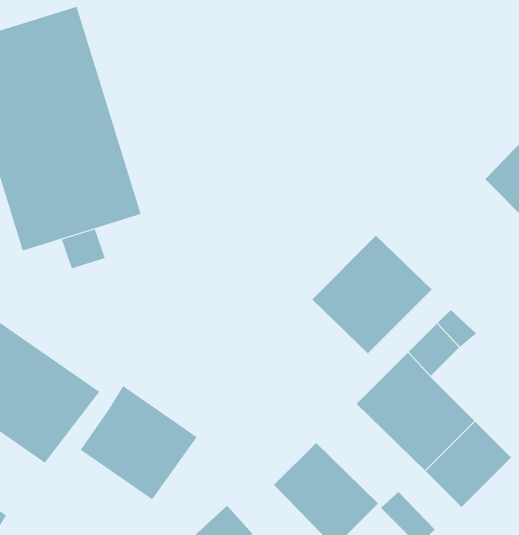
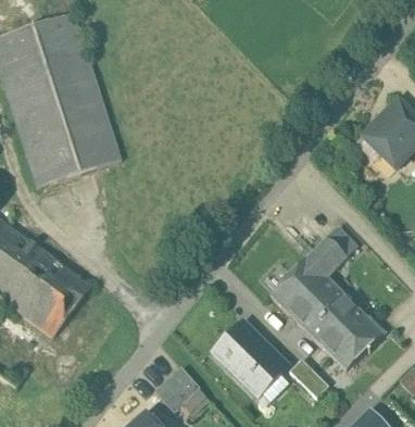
building: [61,229,105,269] -> none
building: [311,235,432,354] -> none
building: [80,385,198,500] -> none

